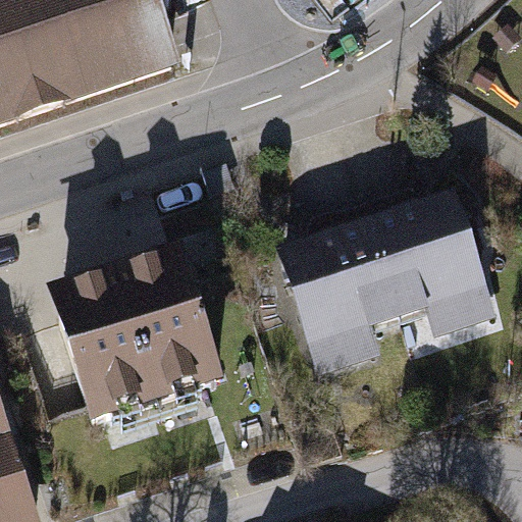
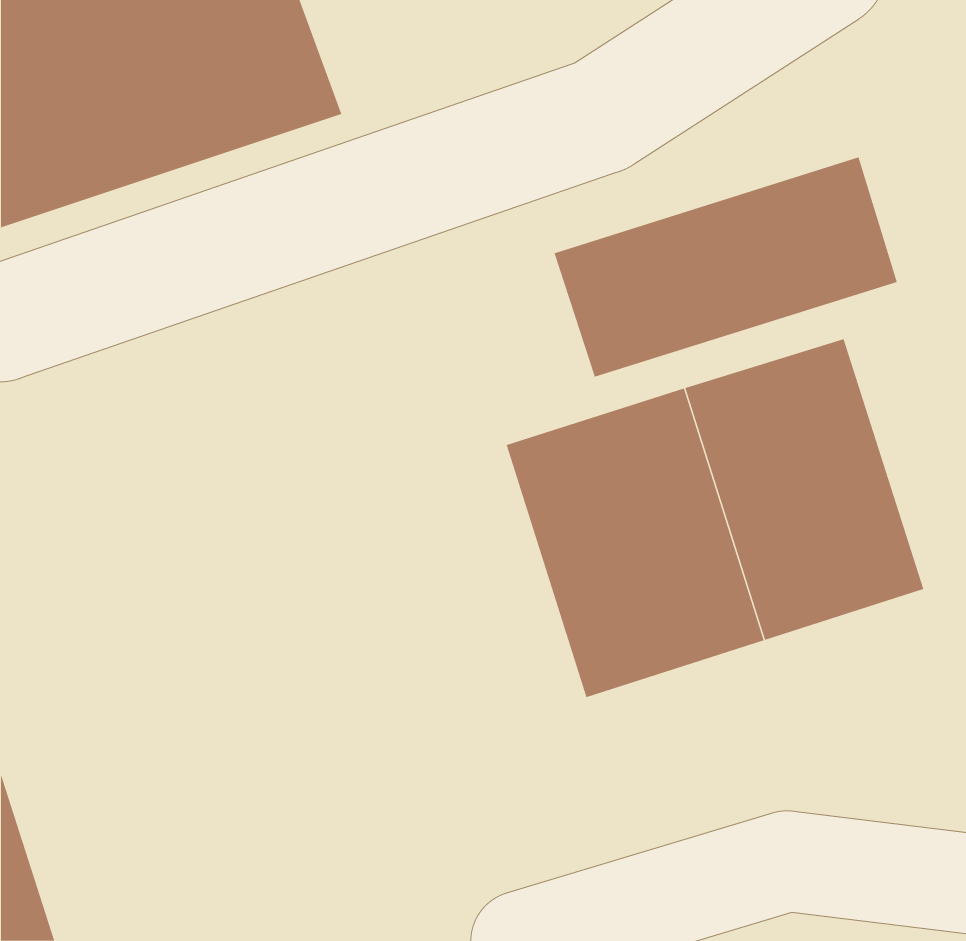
building: none -> [554,156,897,378]
building: [39,246,218,426] -> none

